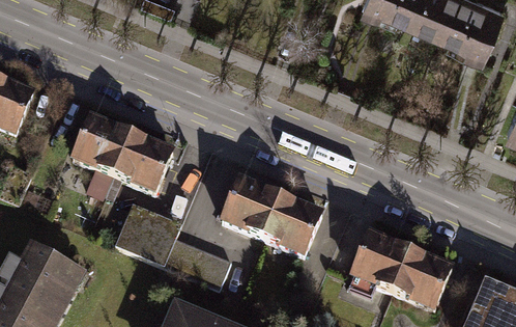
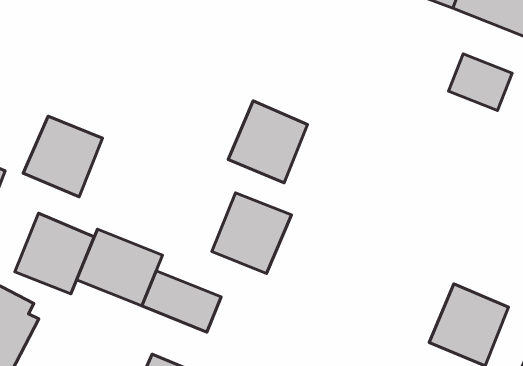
building: none -> [449,54,512,111]
building: [113,136,176,200] -> [15,213,94,294]
building: [262,197,325,263] -> [228,101,308,183]
building: [349,235,411,299] -> none

